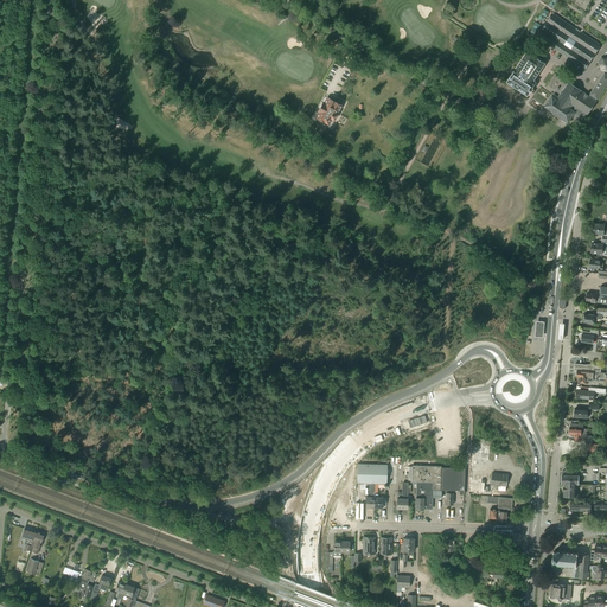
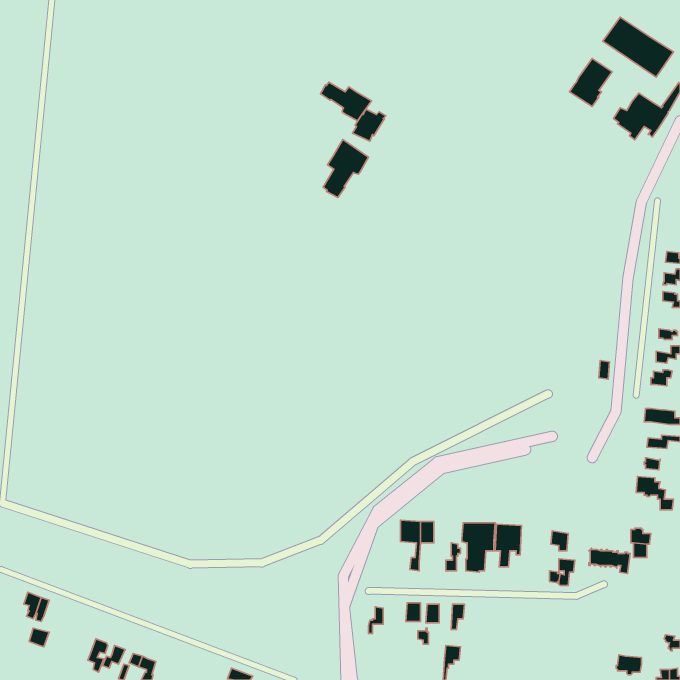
building: none -> [321,82,371,121]
building: none -> [323,140,368,198]
building: [552,550,589,573] -> [589,548,630,573]

